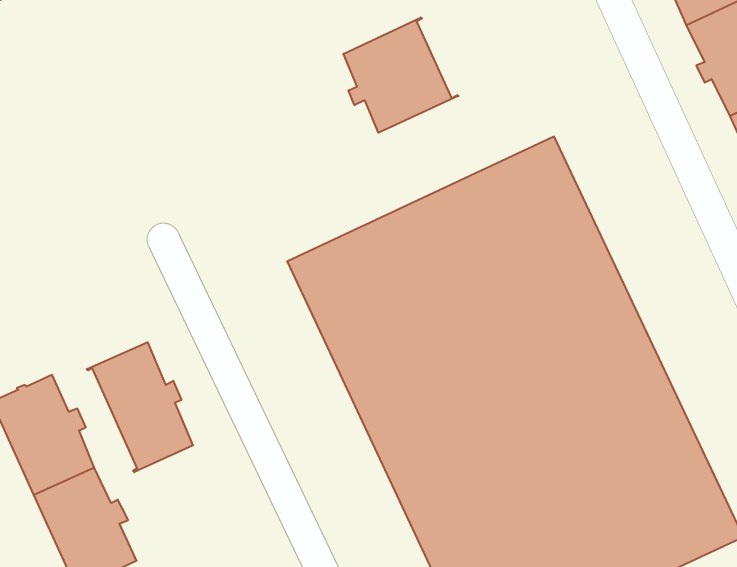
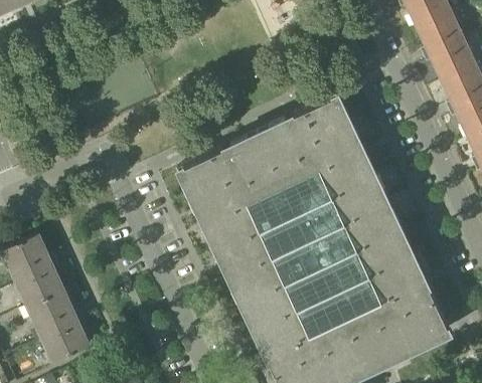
building: [343,17,459,133] -> none
building: [87,342,193,472] -> none

